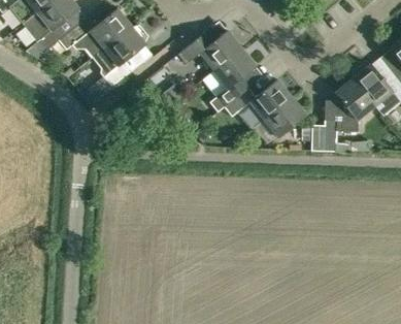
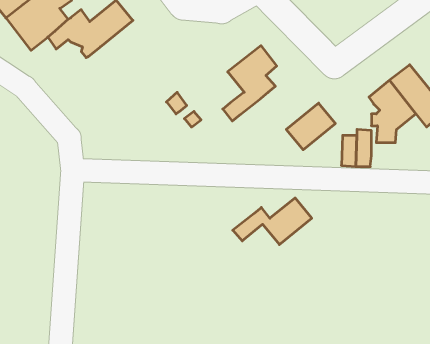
building: [94,25,148,86] -> none
building: [178,28,242,69] -> none
building: [224,78,292,119] -> [233,198,312,245]

